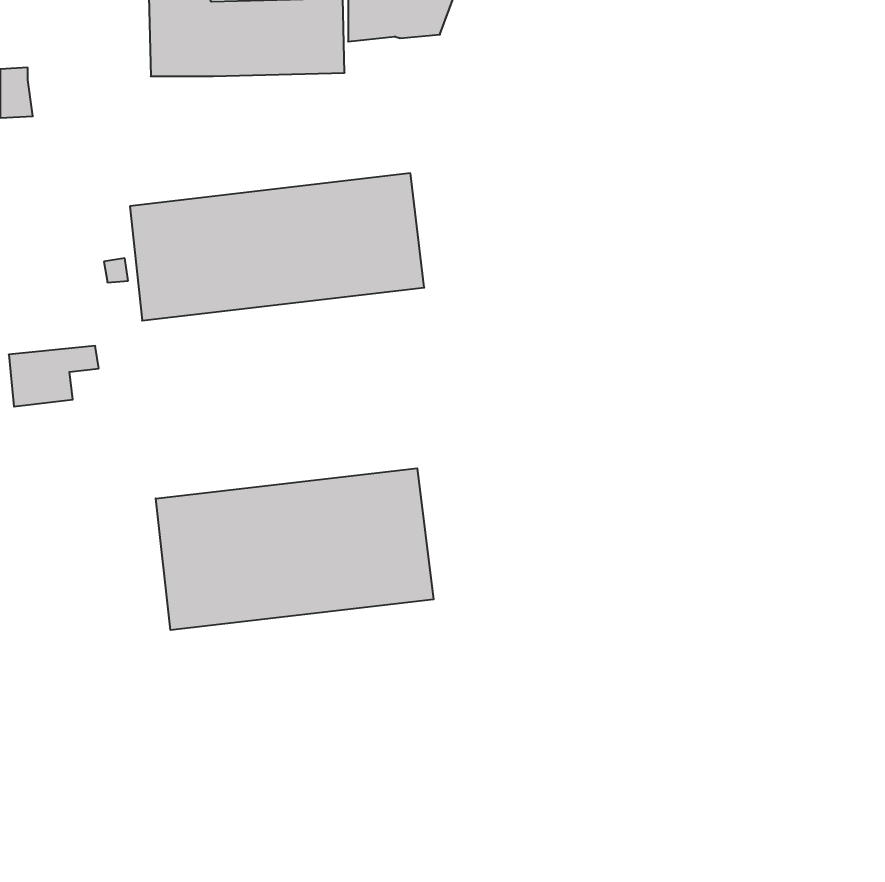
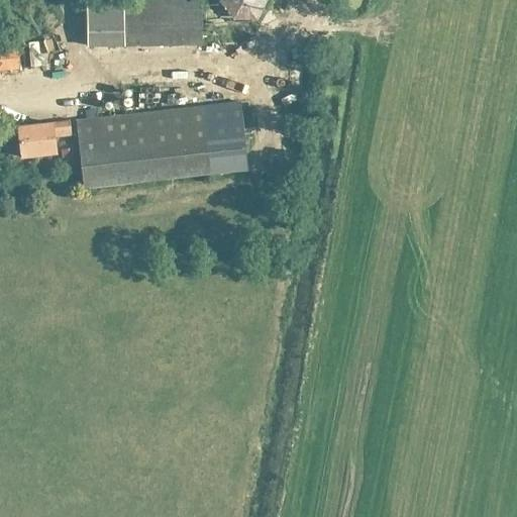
building: [9,346,99,407] -> [17,121,70,157]
building: [156,468,434,630] -> none

